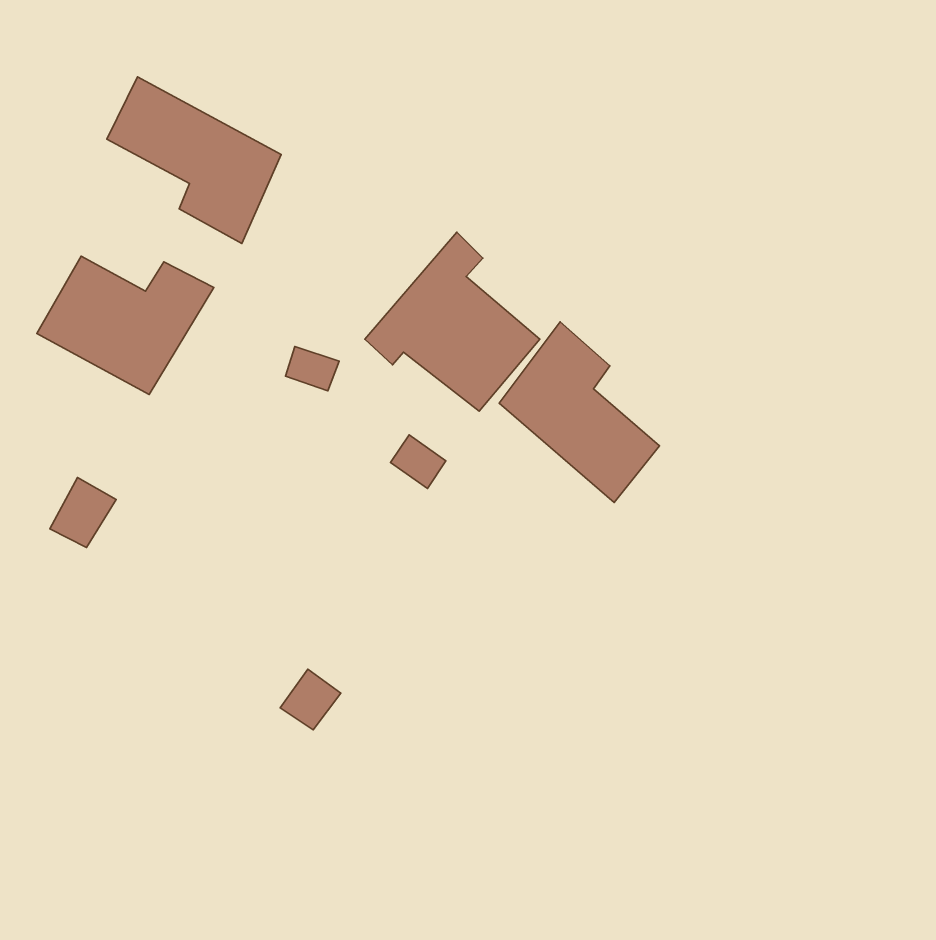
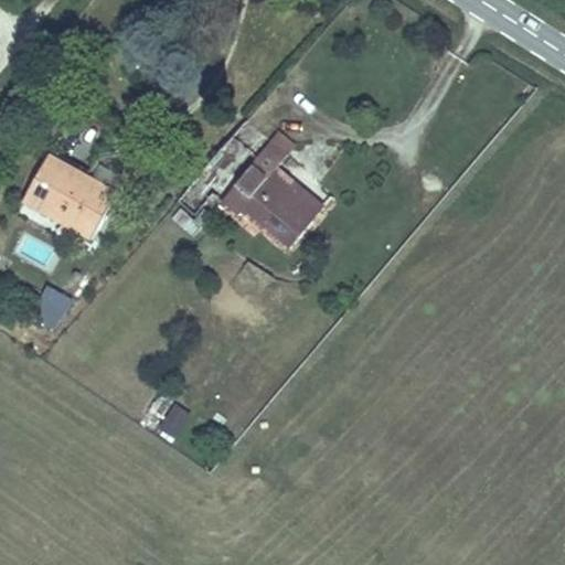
building: [107,77,281,243] -> none
building: [499,322,660,502] -> none

